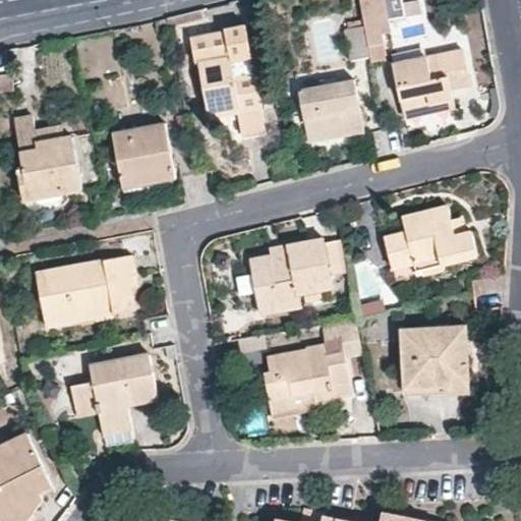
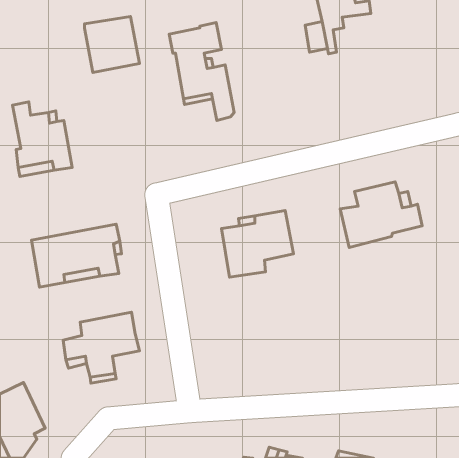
building: [393,50,469,118] -> none
building: [298,80,363,142] -> none
building: [113,124,175,187] -> [85,17,140,72]
building: [264,315,363,416] -> none
building: [401,326,469,394] -> none

